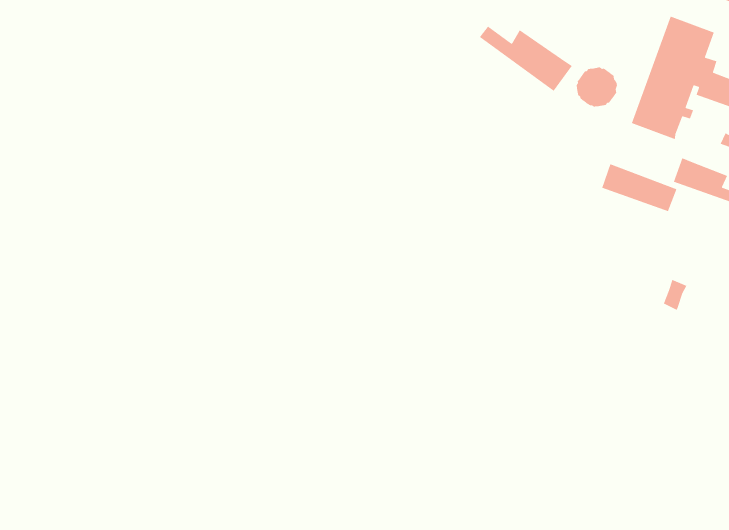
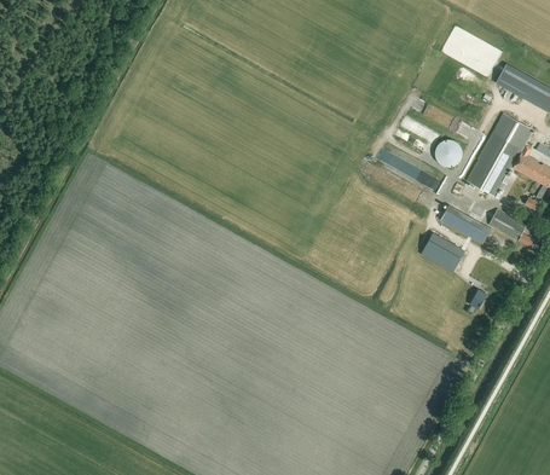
building: [479,26,573,92] -> none
building: none -> [421,233,463,271]

